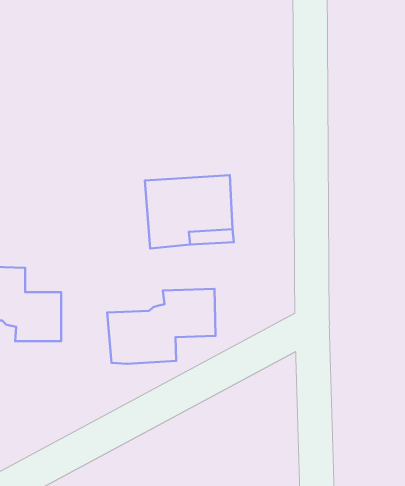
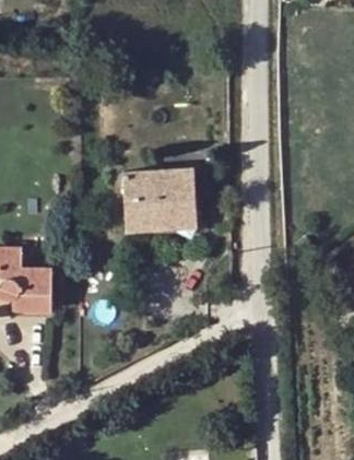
building: [107,289,216,364] -> none

